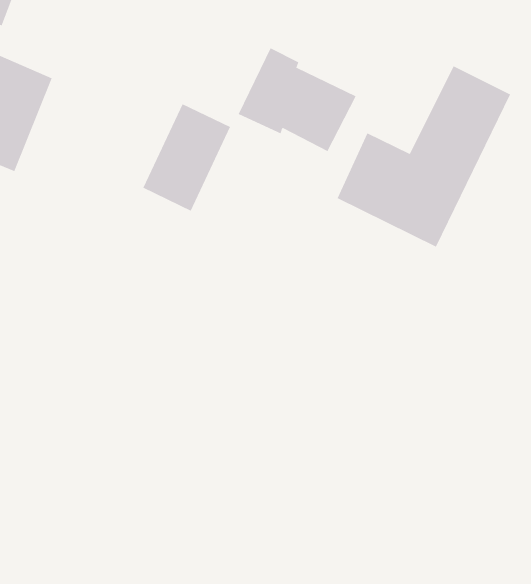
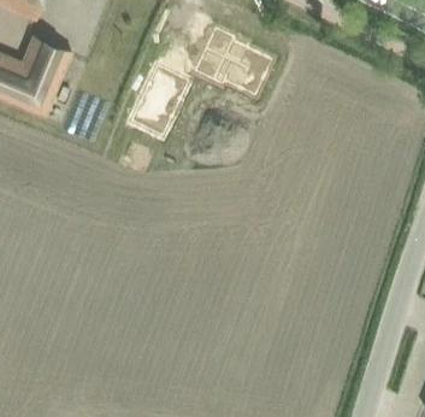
building: [337,66,511,247] -> none

